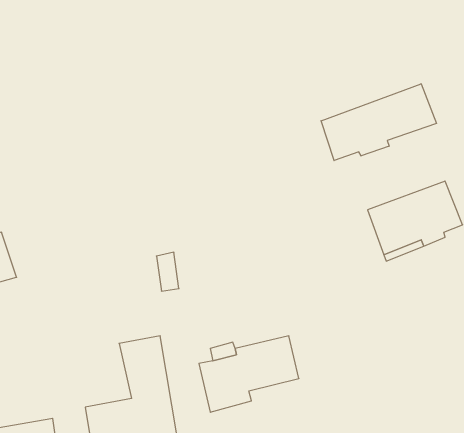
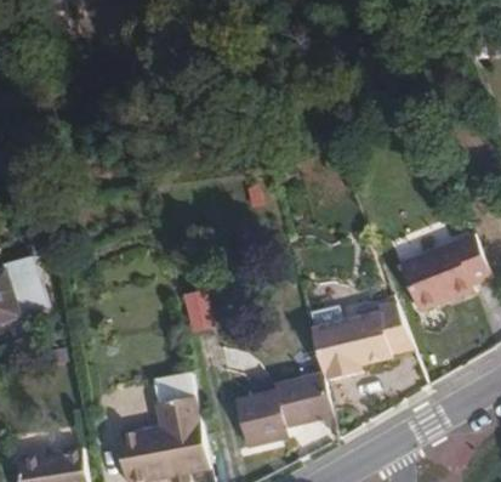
building: [321,84,436,161] -> none
building: none -> [306,287,405,373]

